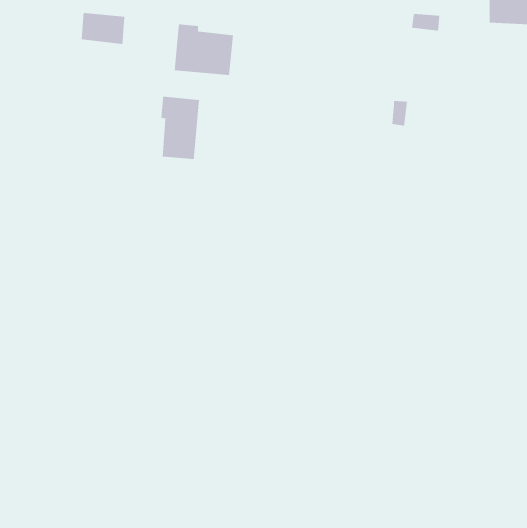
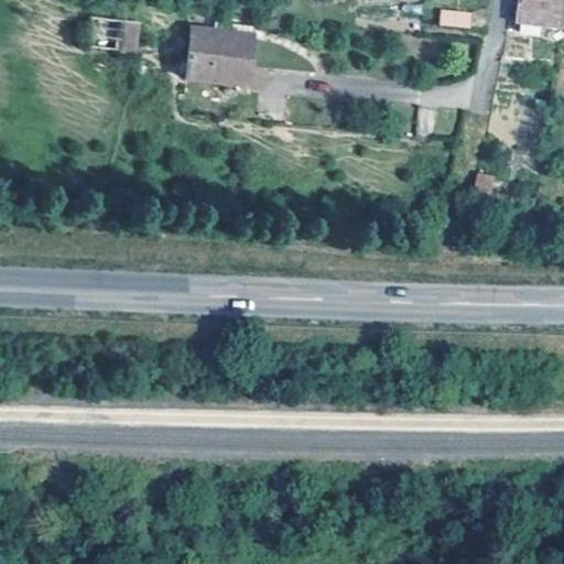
building: [161,96,200,160] -> none

